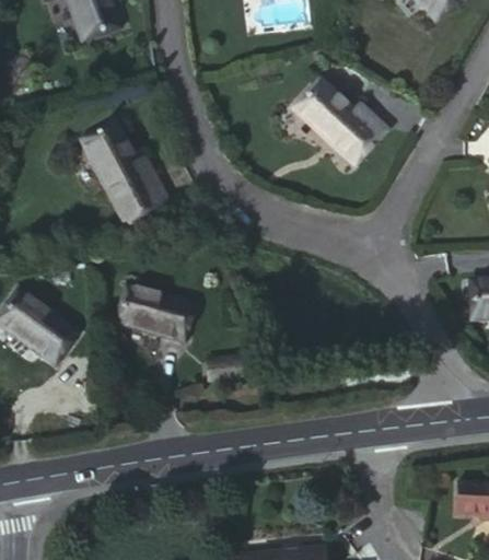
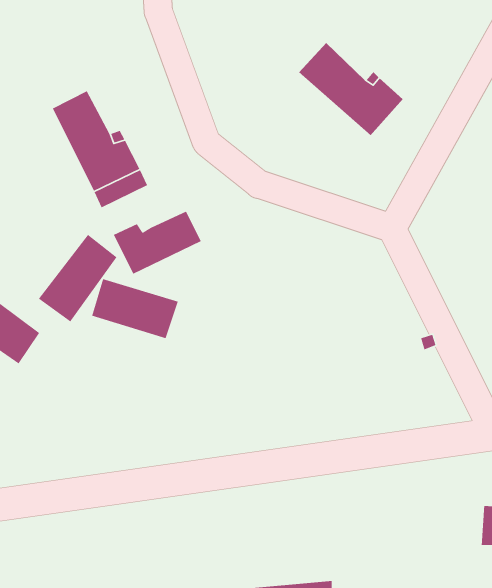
building: none -> [113,211,202,275]
building: none -> [38,234,118,323]

